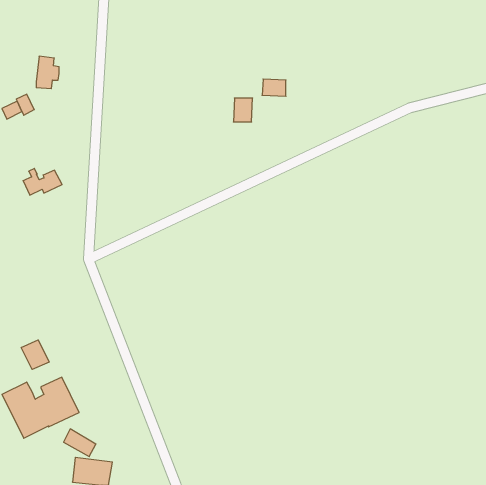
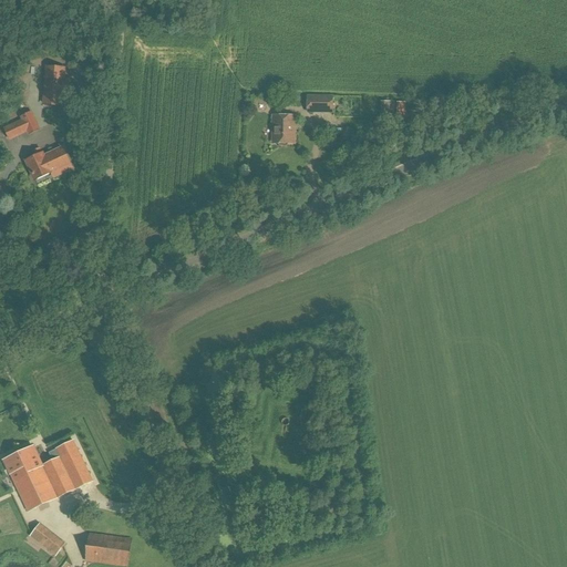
building: [23,168,62,195] -> [25,146,71,177]
building: [21,340,49,369] -> none
building: [64,429,96,457] -> [32,523,70,555]

